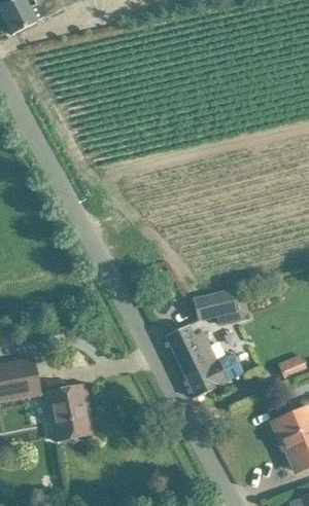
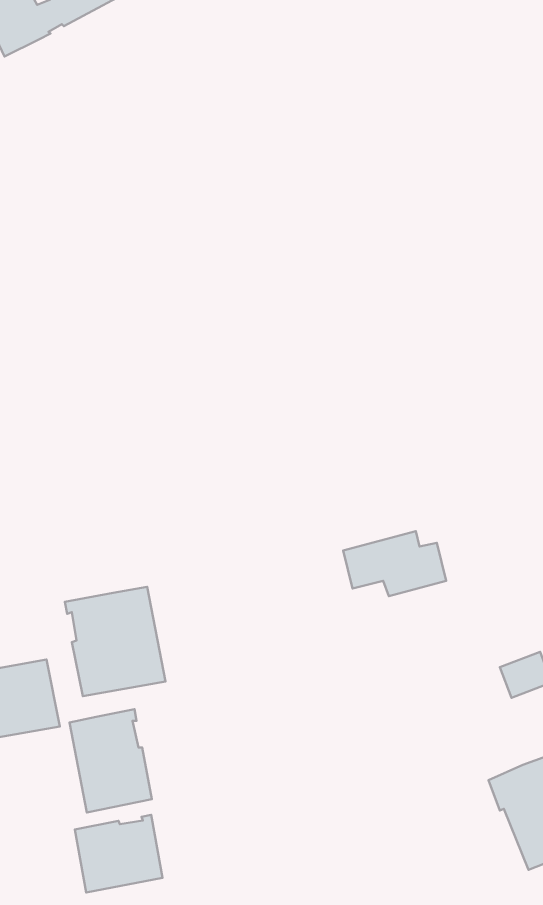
building: none -> [65,587,165,696]
building: [166,325,244,396] -> none
building: none -> [75,815,162,893]

